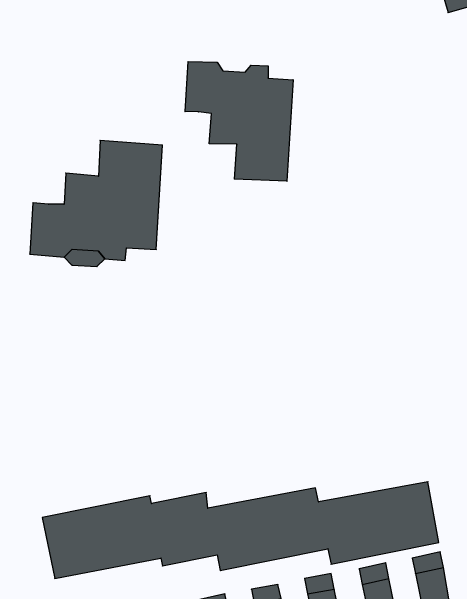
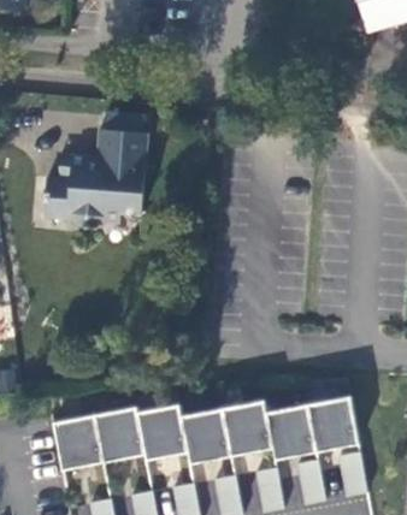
building: [185,62,293,181] -> none

